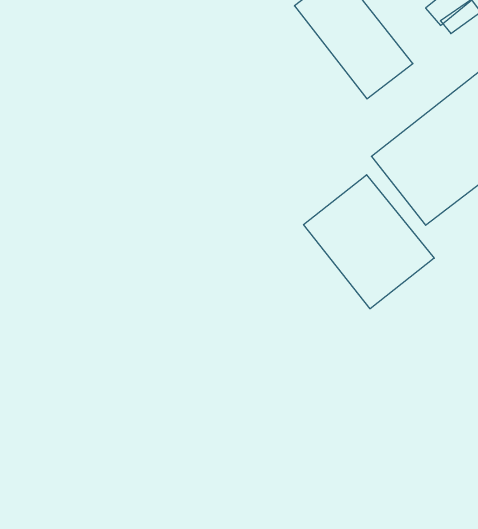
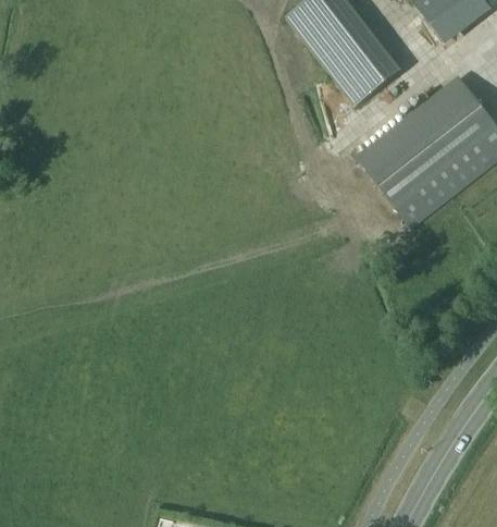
building: [304,175,434,309] -> none

